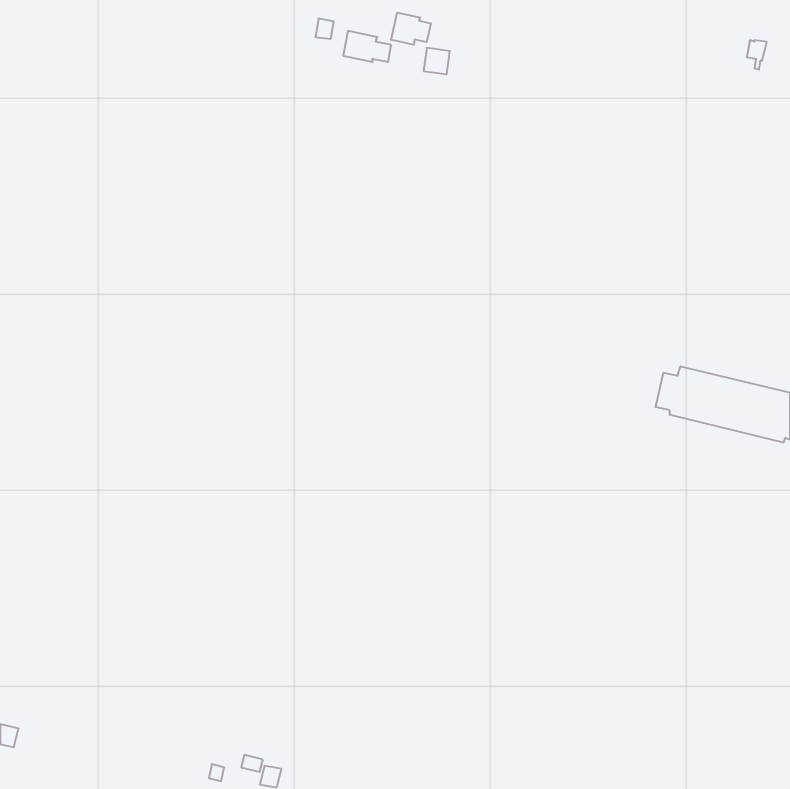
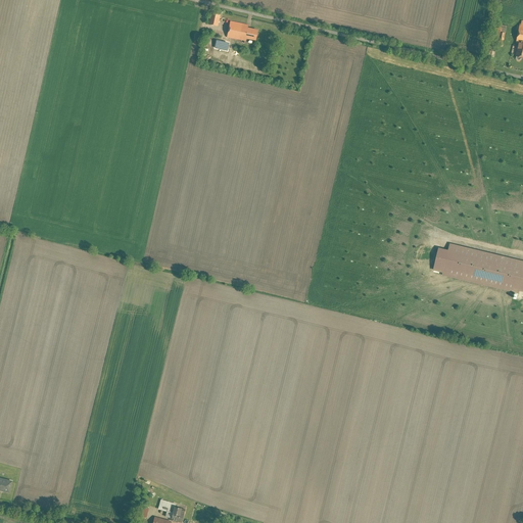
building: [391,13,431,45] -> none

